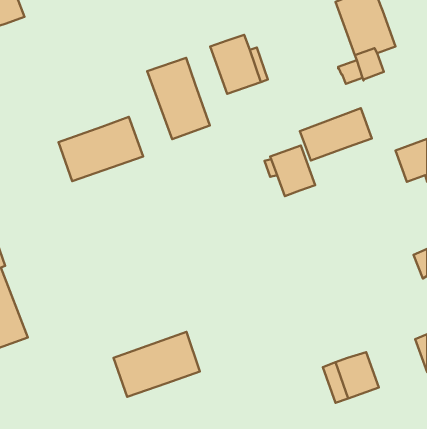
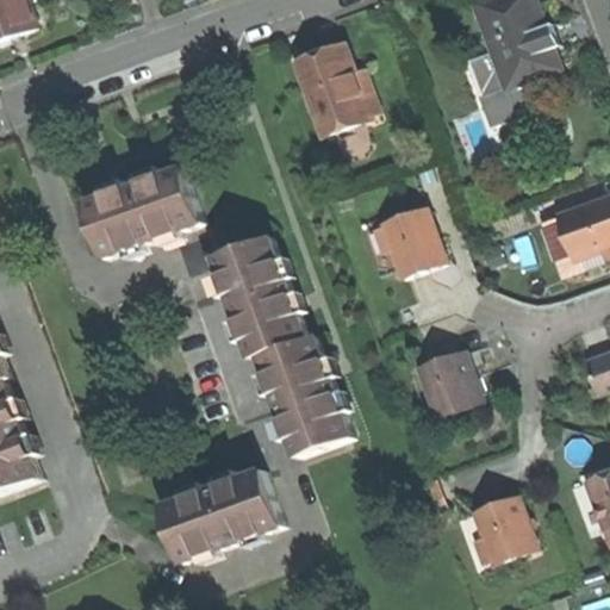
building: none -> [462,49,502,94]
building: [147,58,210,139] -> none
building: [300,108,372,161] -> none
building: none -> [213,234,351,455]
building: none -> [416,348,477,409]

